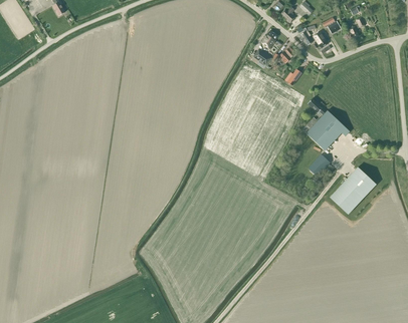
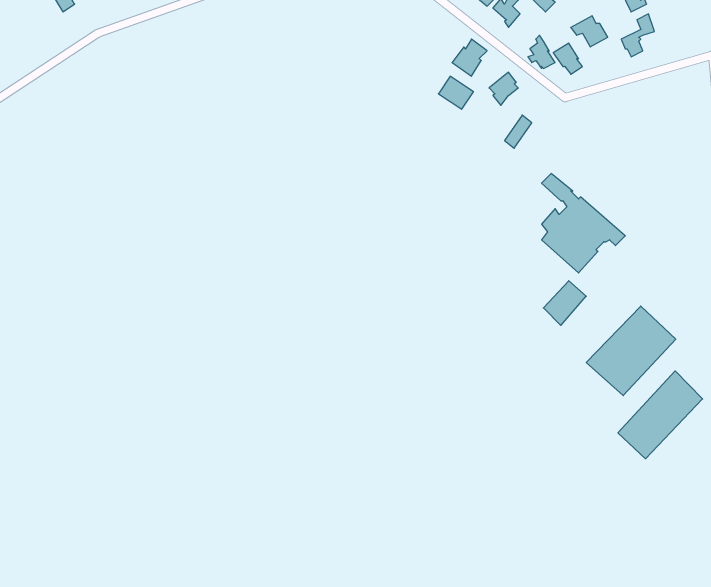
building: none -> [618,371,703,459]

